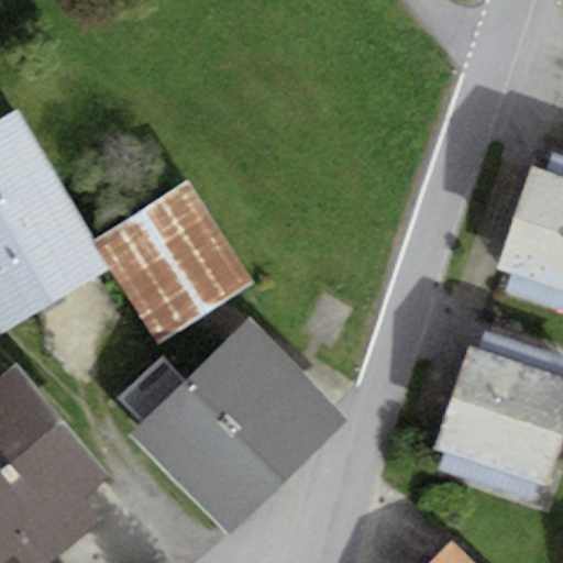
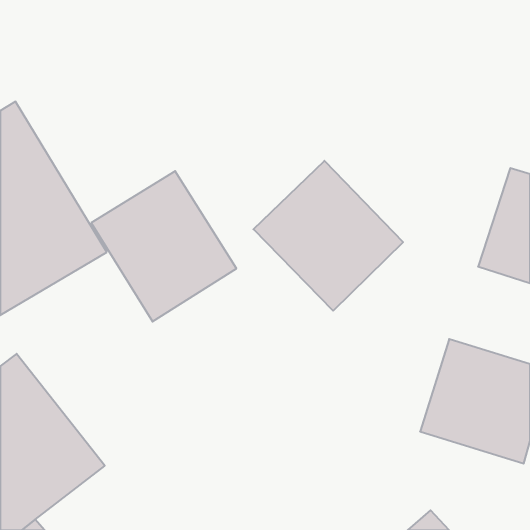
building: none -> [253,161,403,311]
building: [128,318,341,530] -> none

